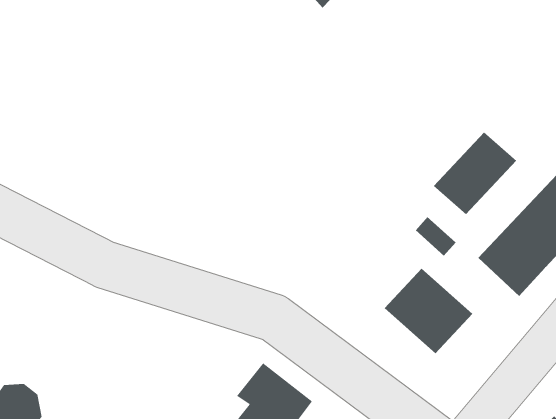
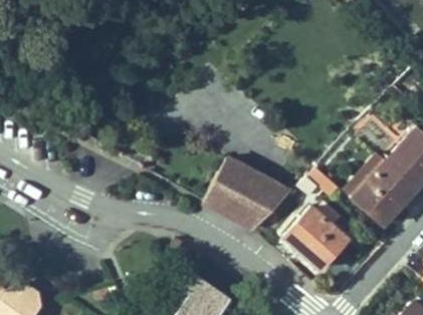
building: [433,131,517,215] -> none
building: none -> [206,159,289,228]

